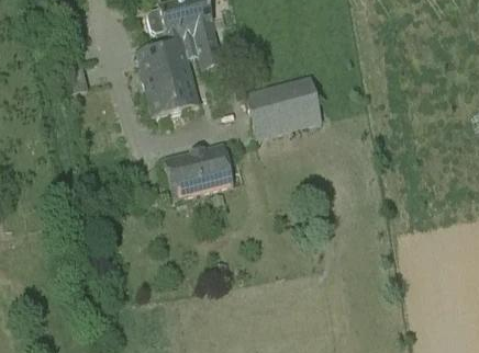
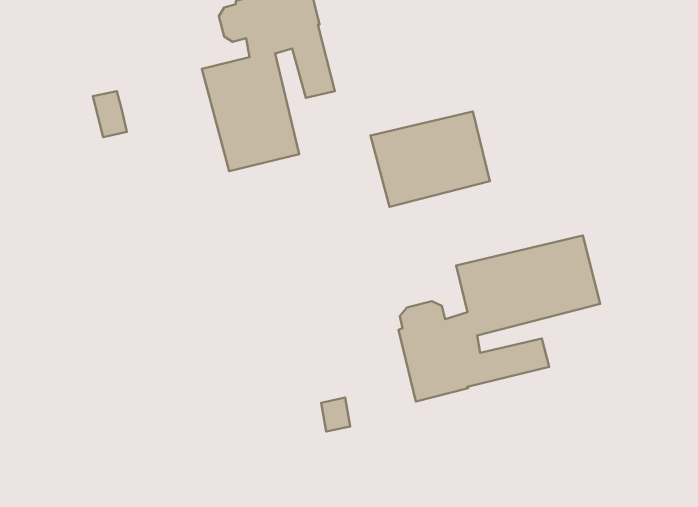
building: [163,145,233,200] -> none
building: none -> [399,236,600,402]

